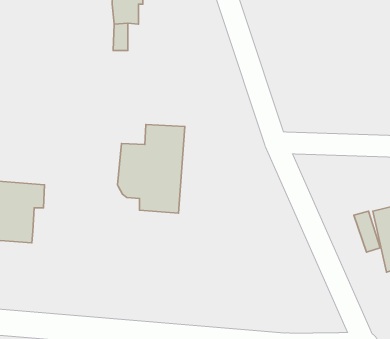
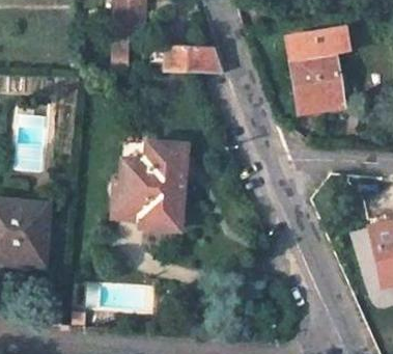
building: none -> [290,29,350,114]
building: none -> [147,48,221,73]

